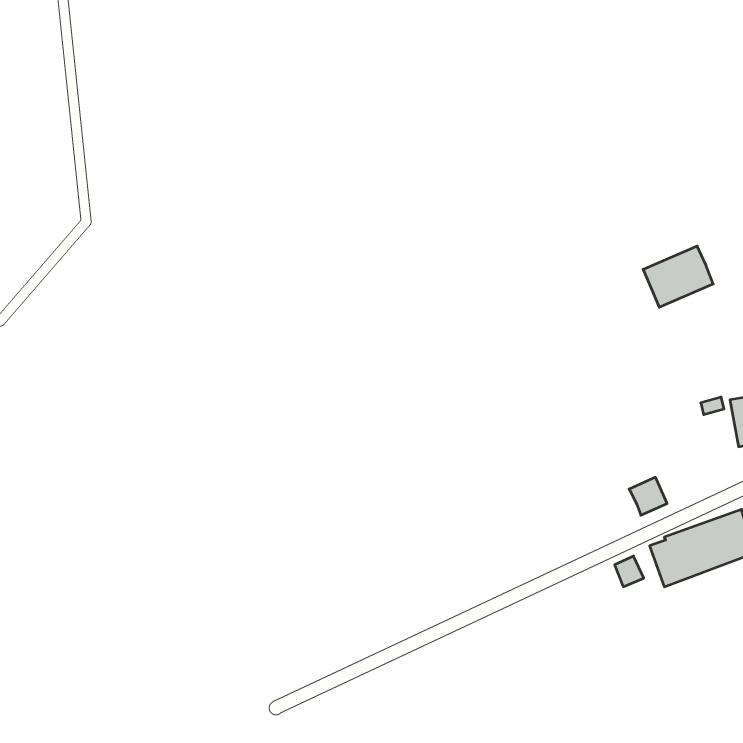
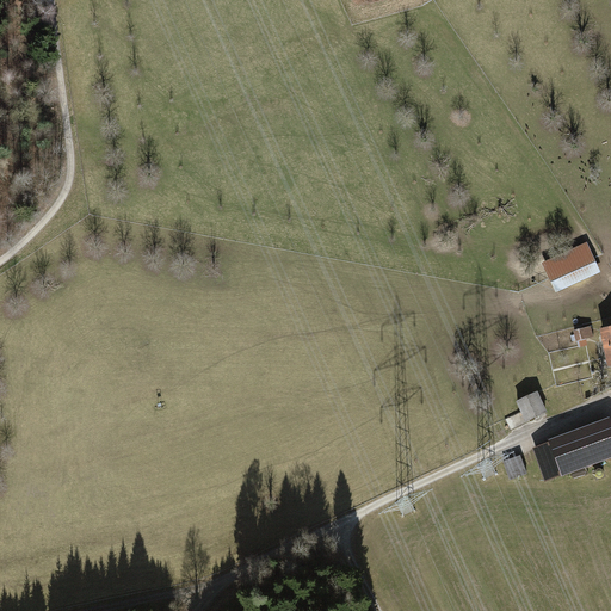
building: [643,246,713,307] -> [543,241,600,291]

